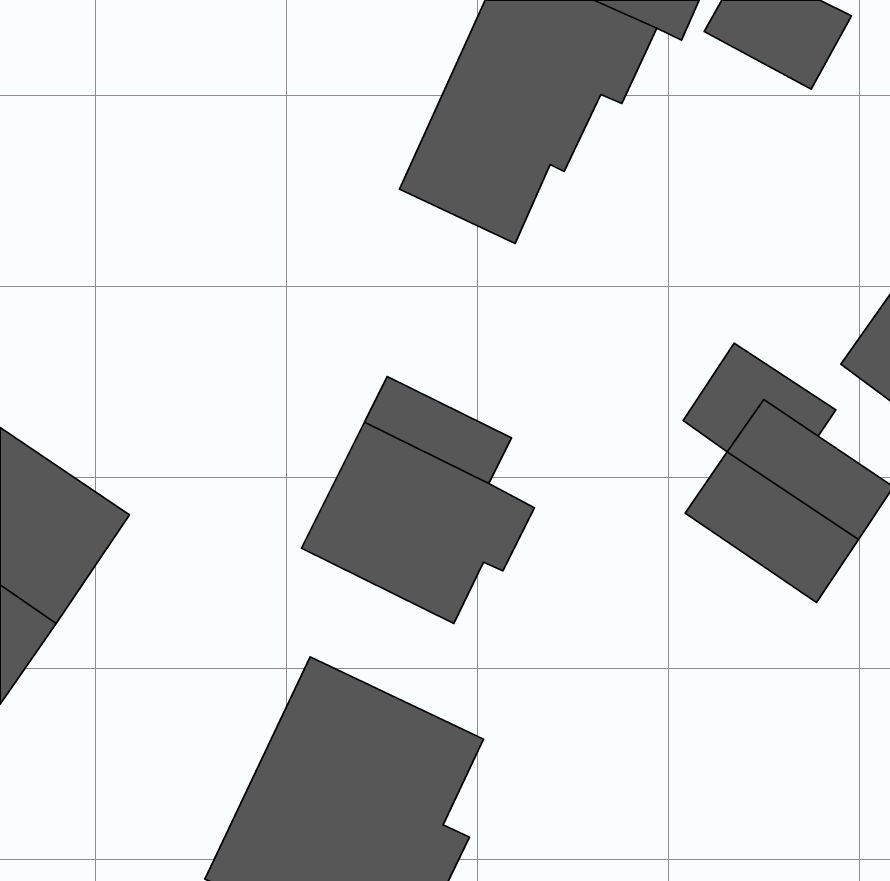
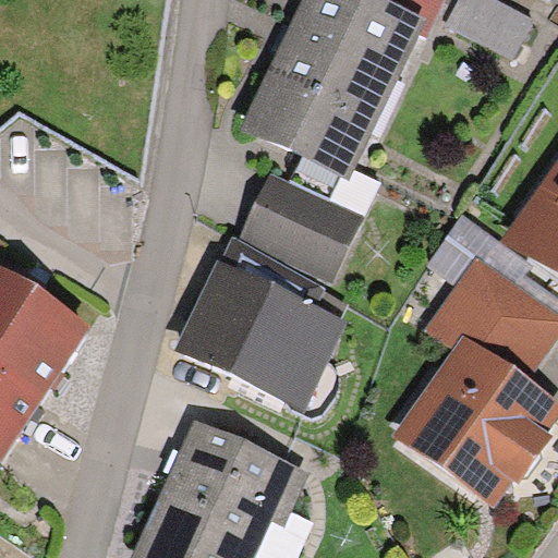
building: none -> [244,177,366,281]
building: none -> [404,351,548,496]

